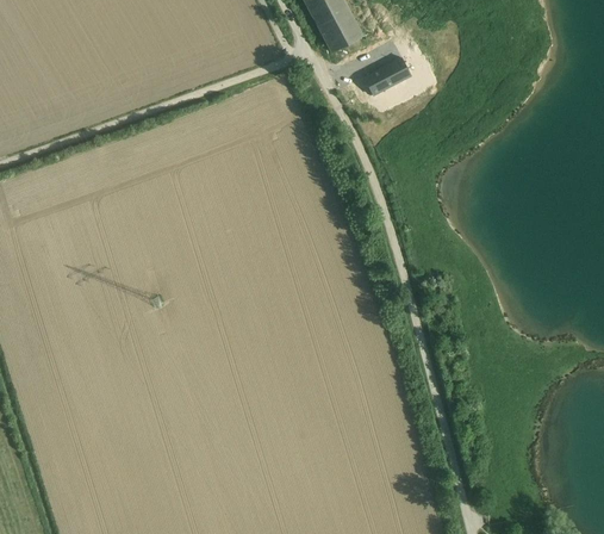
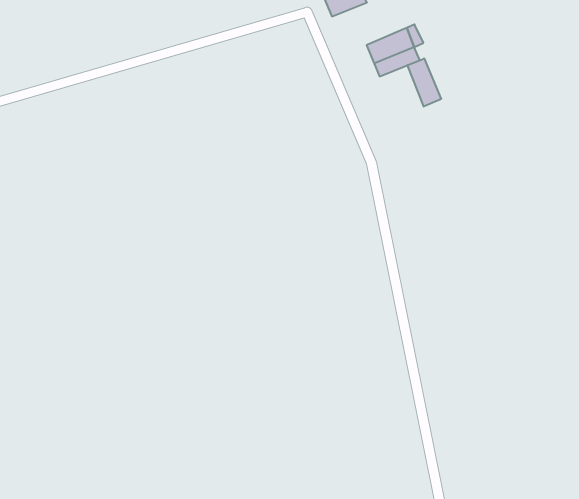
building: none -> [408,58,441,107]

